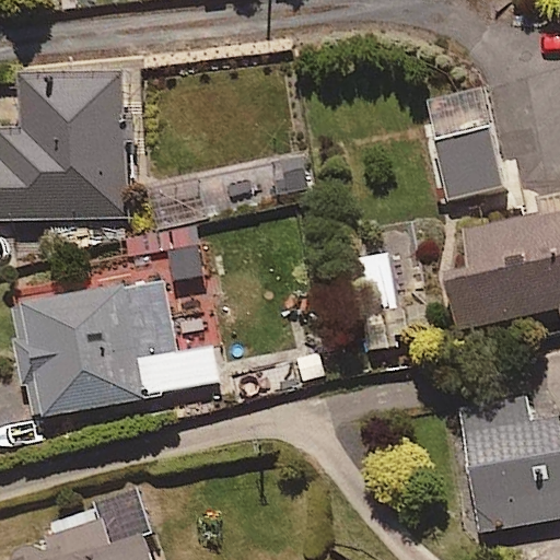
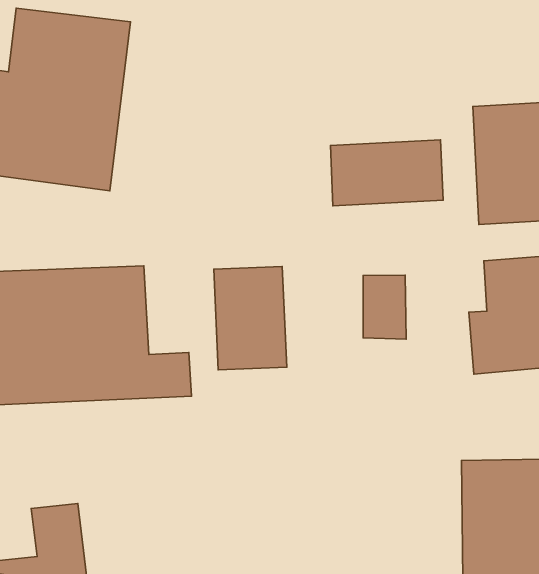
building: none -> [330,140,443,206]
building: none -> [214,266,287,370]

